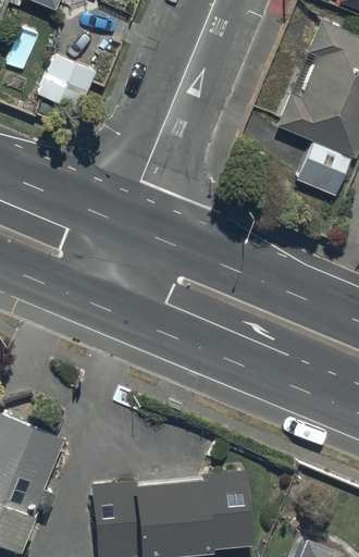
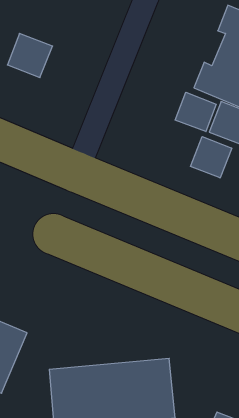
building: none -> [175,92,216,132]
building: none -> [191,137,232,178]

